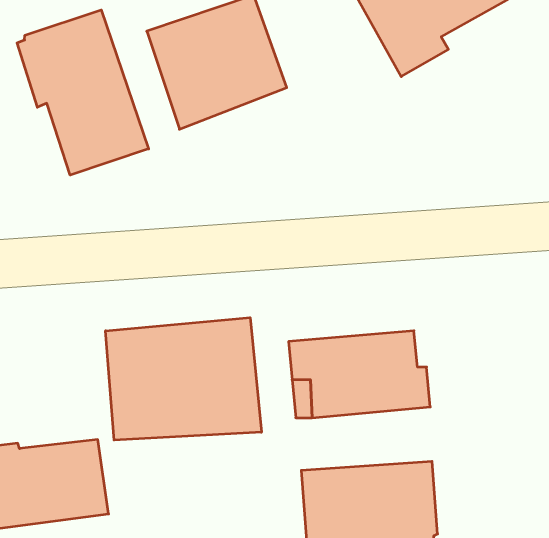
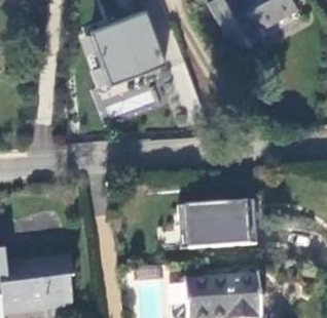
building: [17,10,149,175] -> none
building: [106,318,261,440] -> none

